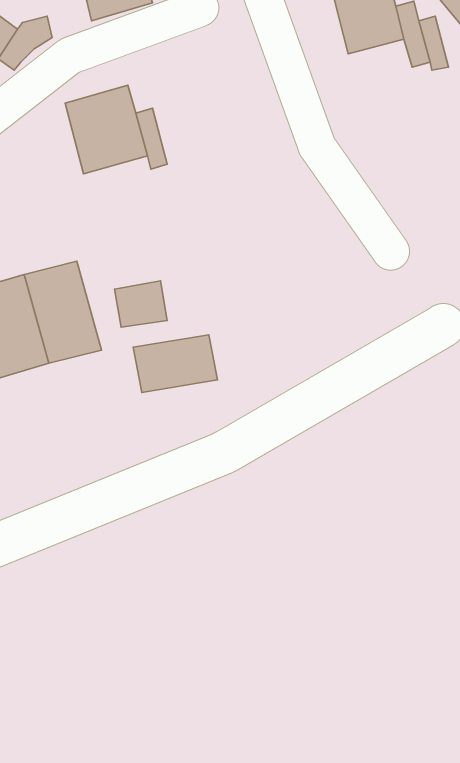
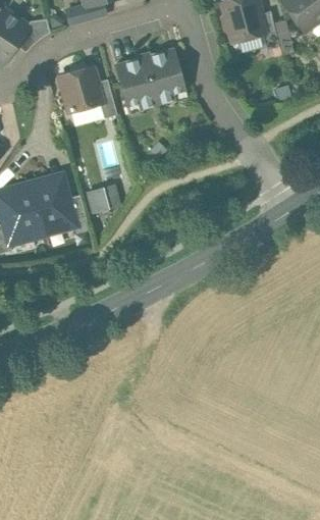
building: none -> [113,46,186,111]
building: [133,335,218,392] -> none

